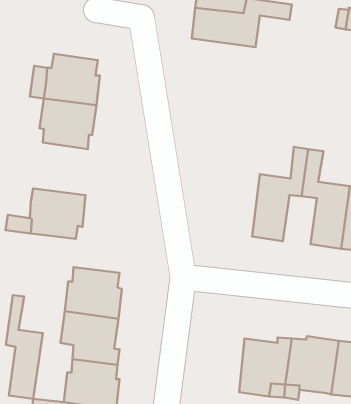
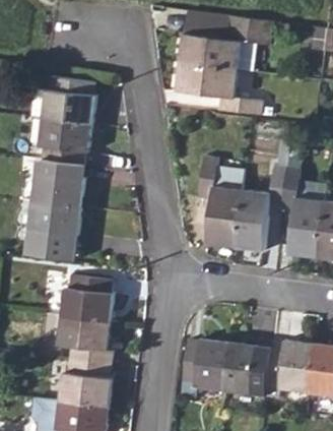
building: none -> [176,63,262,116]
building: none -> [197,156,245,247]
building: none -> [31,160,83,208]
building: [6,295,43,399] -> none
building: none -> [182,337,227,391]

